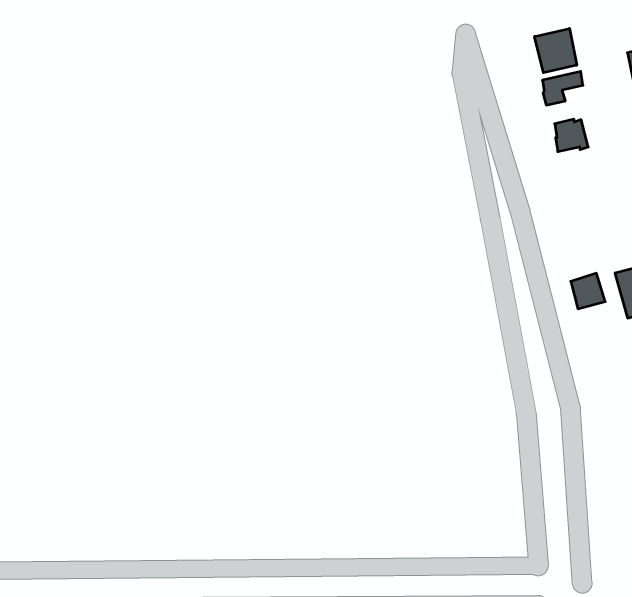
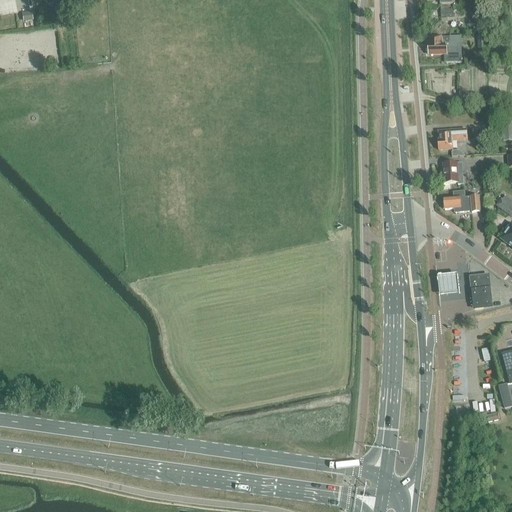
building: [535,28,577,73] -> none
building: none -> [443,189,480,210]

